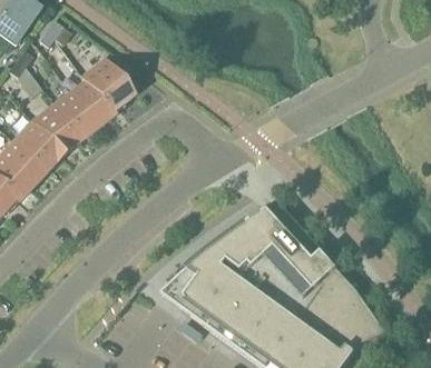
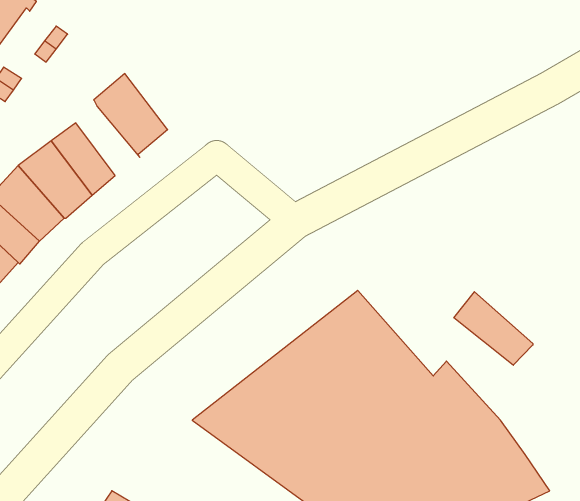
building: [71,78,115,126] -> none
building: none -> [454,292,533,365]

